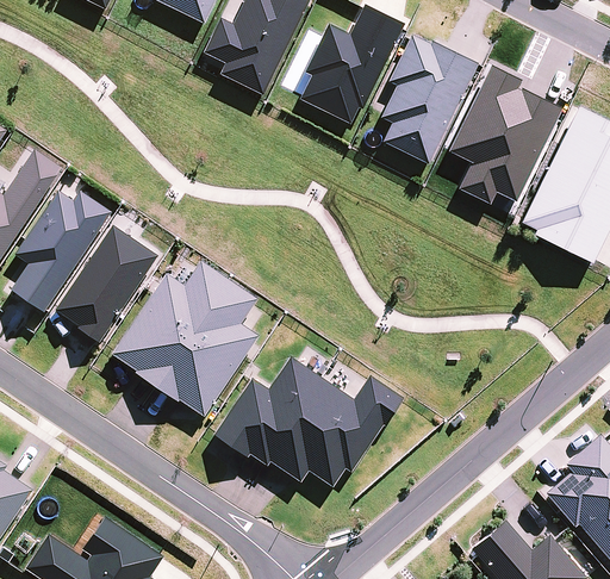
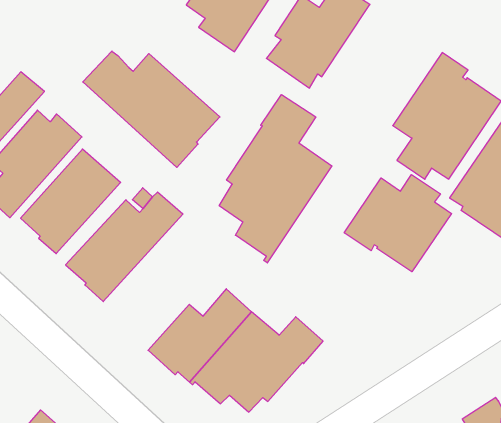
building: [381,36,478,164] -> none
building: none -> [83,51,220,167]
building: none -> [219,95,332,263]
building: none -> [344,175,452,272]
building: [157,281,259,417] -> none

